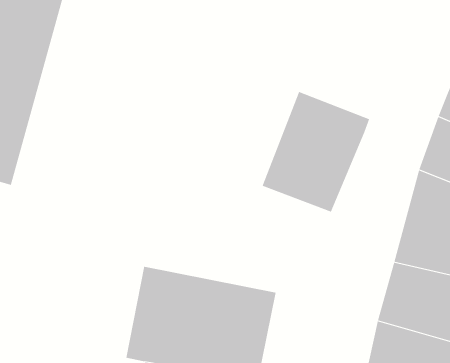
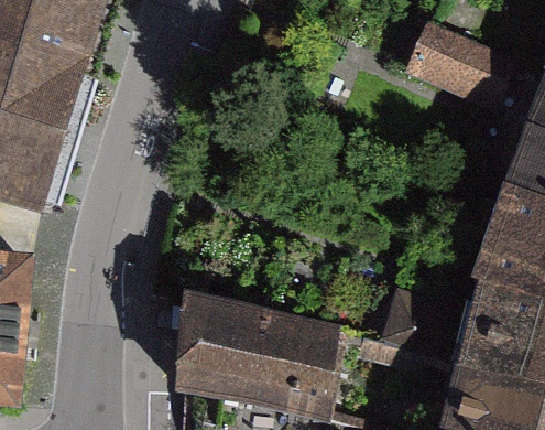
building: none -> [408,18,521,106]
building: [262,91,370,212] -> none

